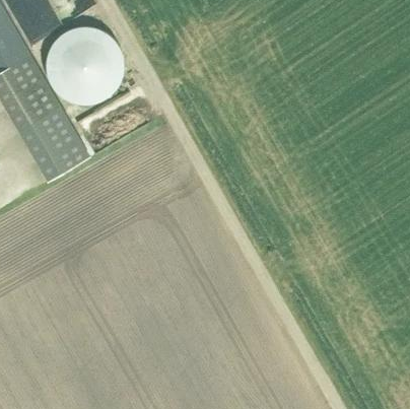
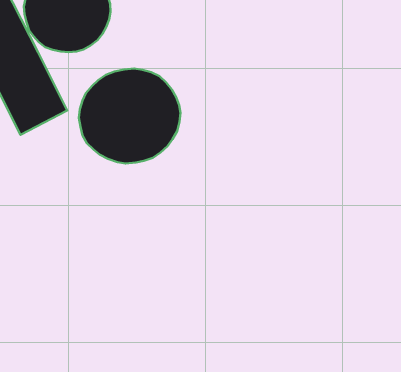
building: none -> [79,69,180,163]

